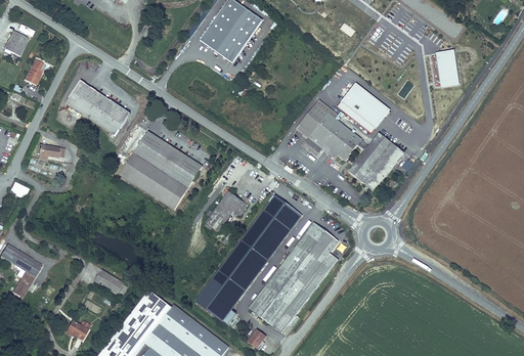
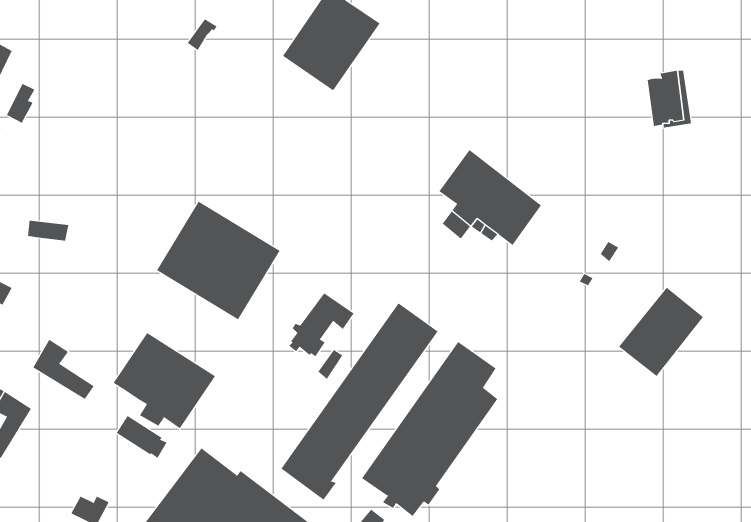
building: [66,80,129,135] -> none
building: [337,83,389,132] -> none
building: [348,133,402,190] -> [618,287,704,377]
building: none -> [113,332,216,429]
building: none -> [32,339,94,400]

